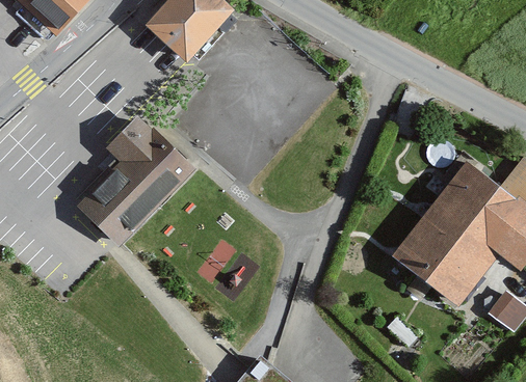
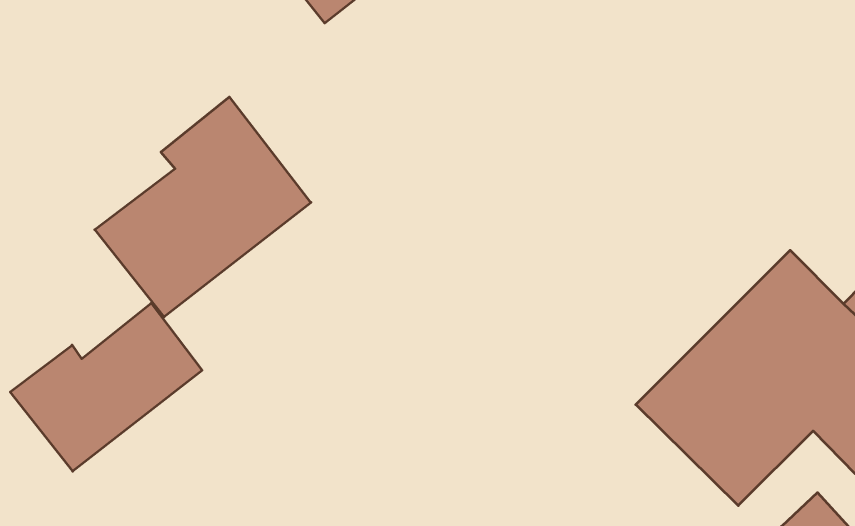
building: none -> [10,303,202,471]

